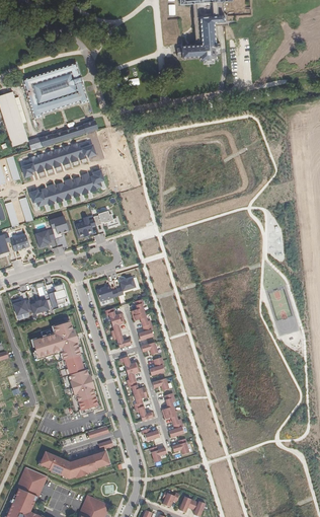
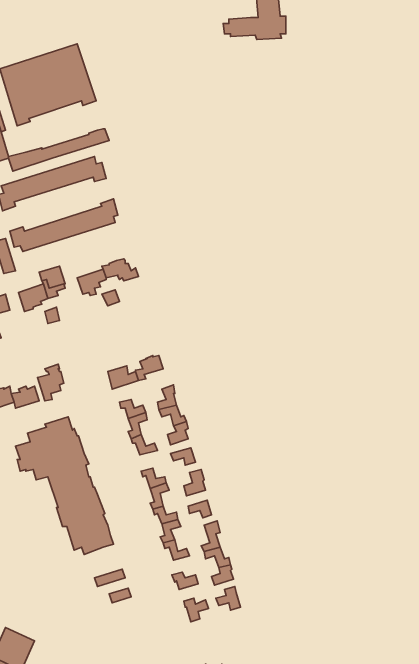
building: [39,450,109,477] -> none

